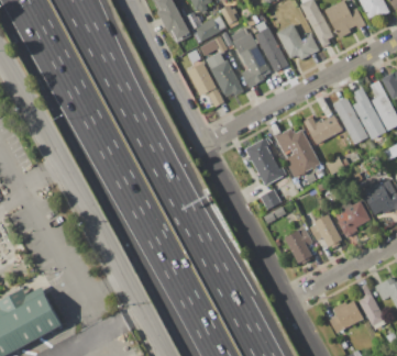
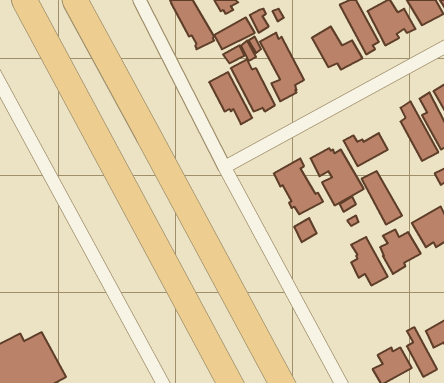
building: [254,22,289,73] -> none
building: [333,98,368,144] -> [362,171,402,224]
building: [284,230,313,265] -> none

